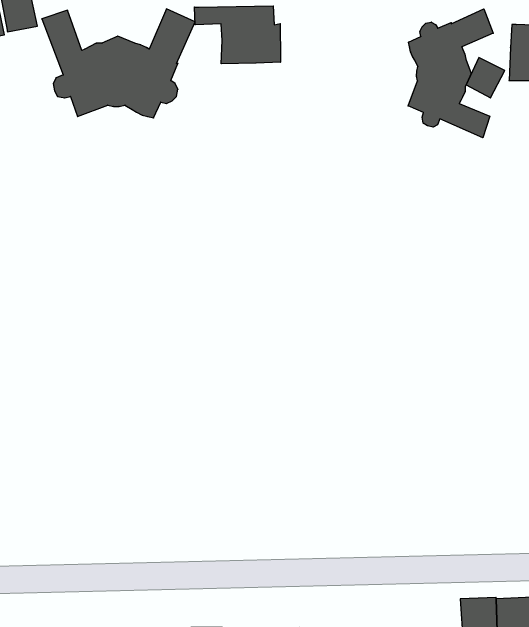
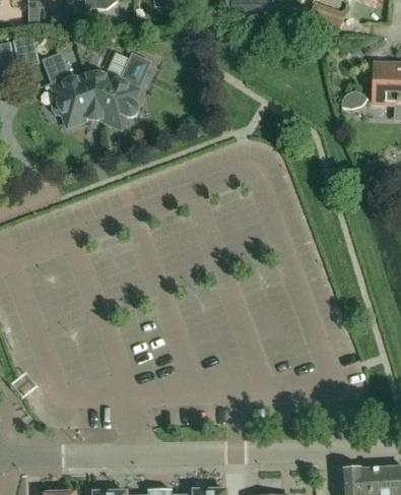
building: [194,6,281,64] -> none
building: [408,9,493,138] -> none

